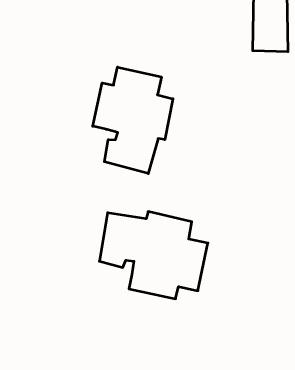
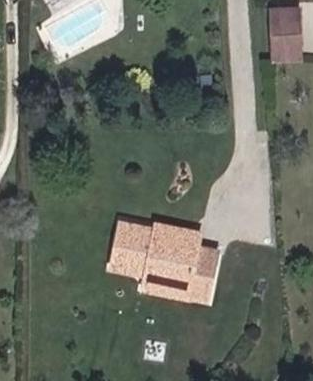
building: [93,67,173,174] -> none

